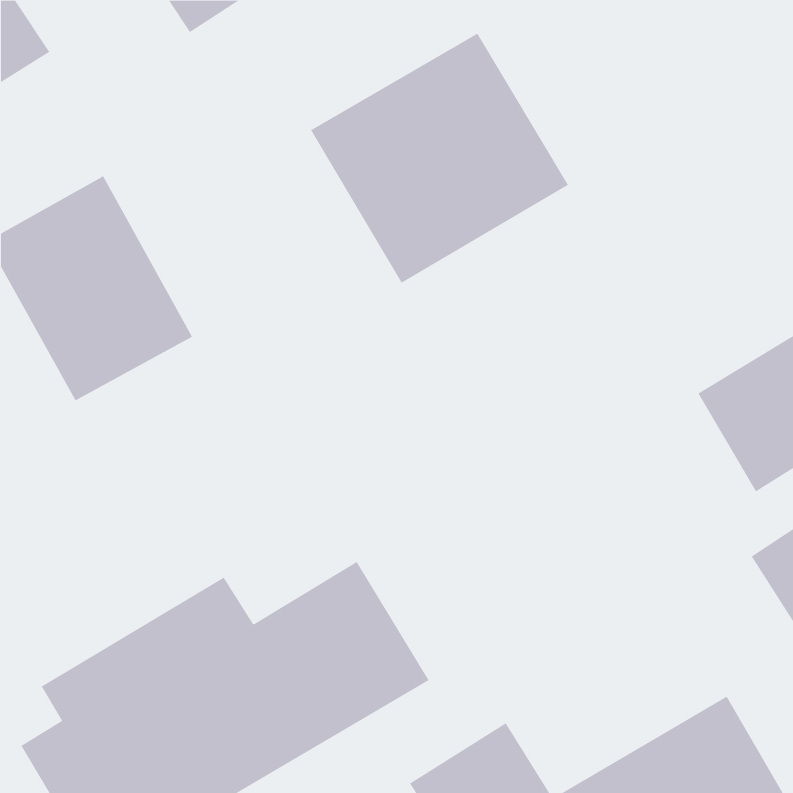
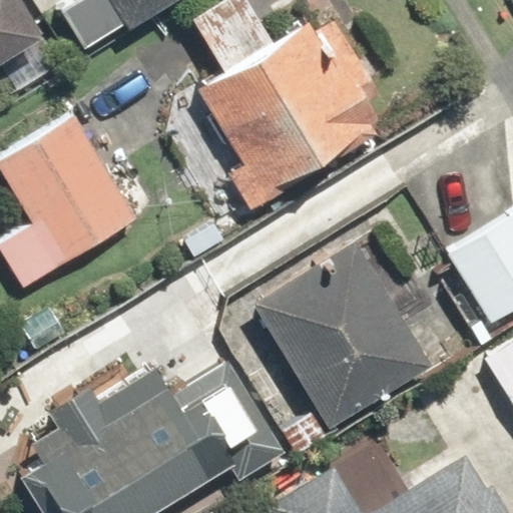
building: none -> [252,239,433,431]

